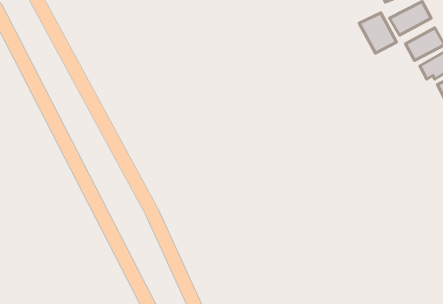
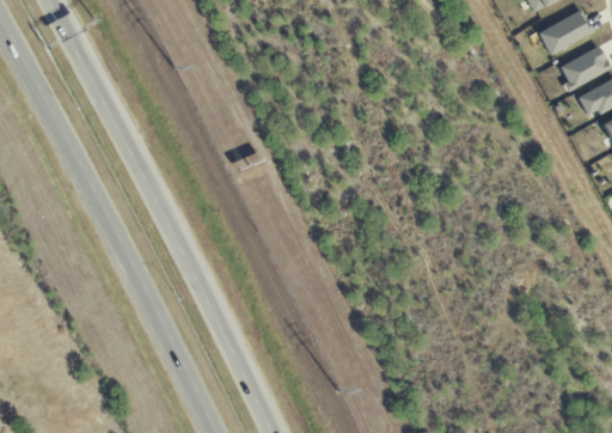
building: [359,13,396,53] -> none

